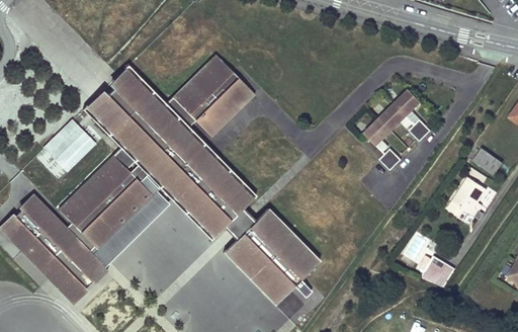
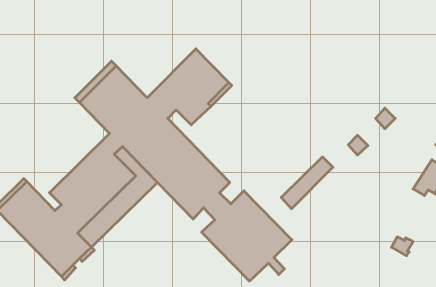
building: [363,90,419,146] -> [281,157,333,209]
building: [41,116,95,171] -> none

